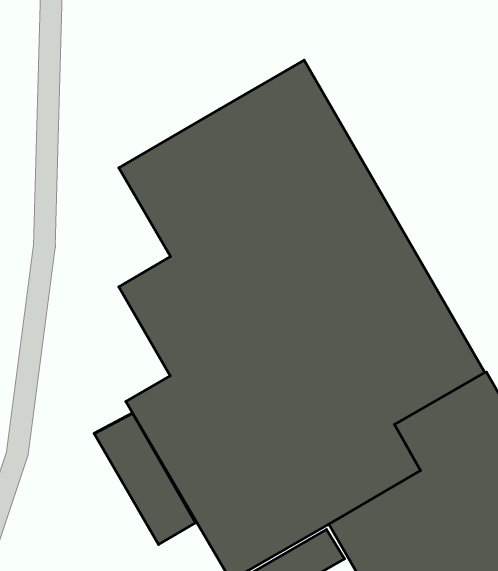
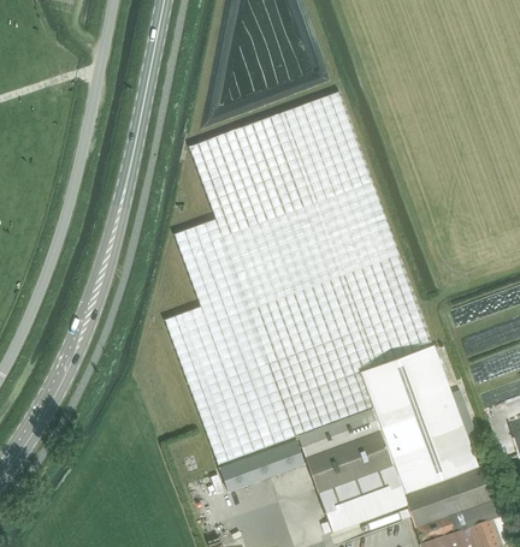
building: [94,413,195,545] -> none

